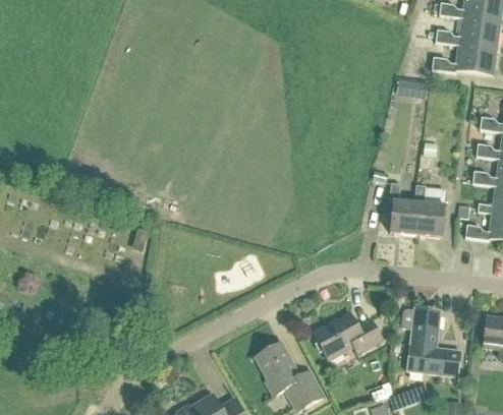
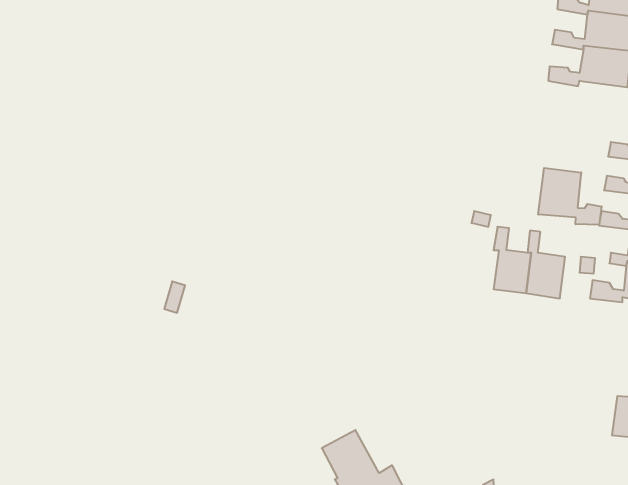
building: none -> [538,168,602,225]
building: [401,308,460,376] -> none
building: [313,311,382,360] -> none

